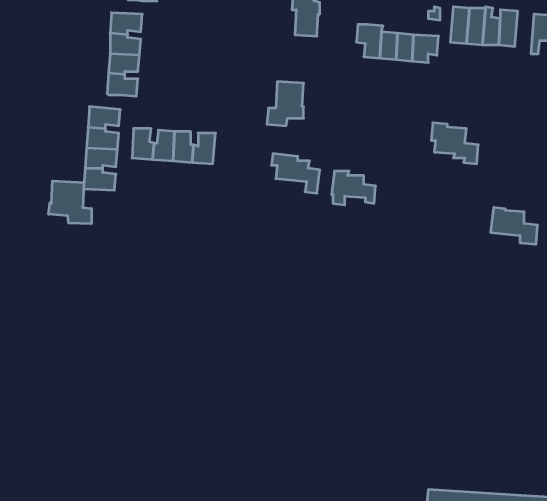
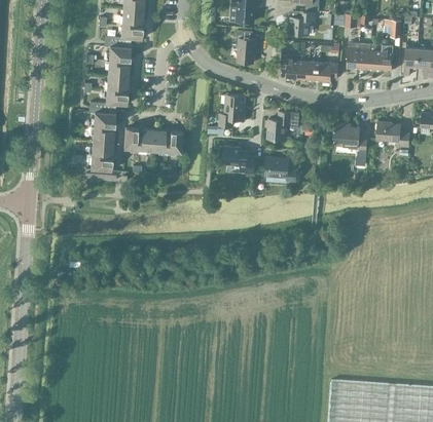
building: none -> [266,112,297,140]
building: [49,181,91,224] -> none
building: [491,207,538,244] -> [375,122,408,148]

